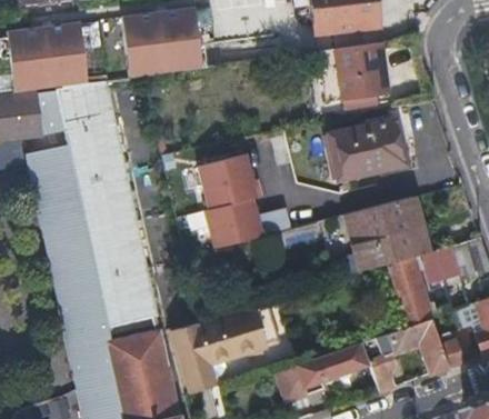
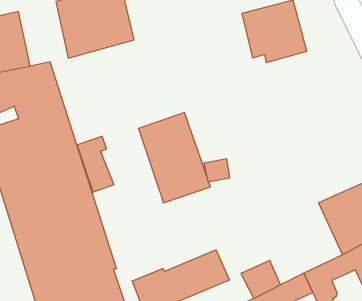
building: [332,122,407,181] -> none
building: none -> [77,136,114,192]
building: [347,198,431,275] -> none

